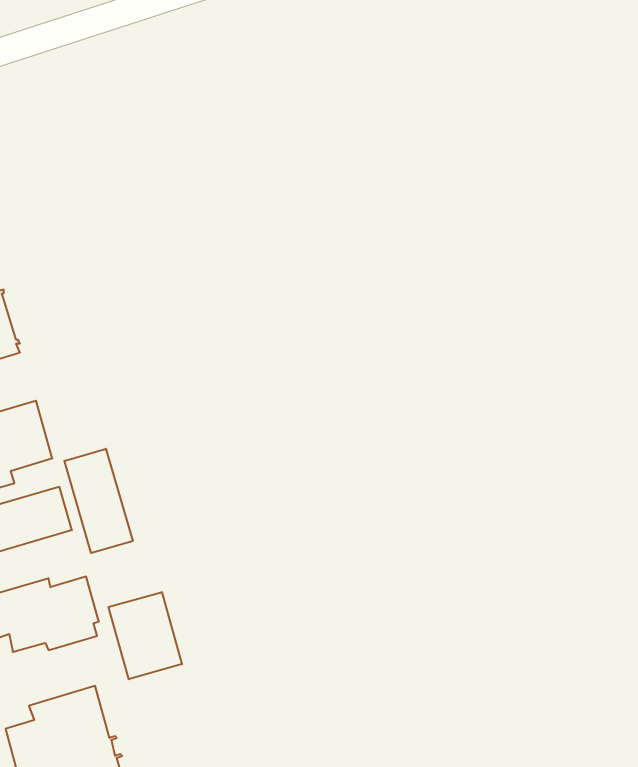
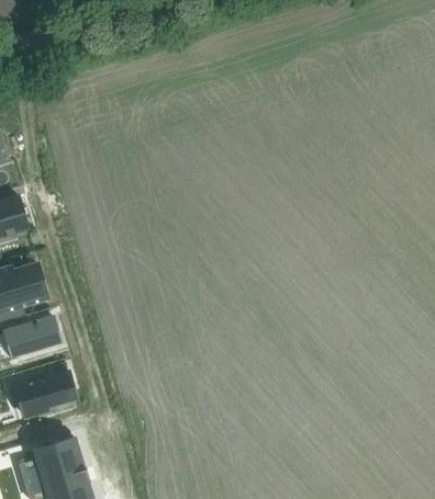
building: [64,449,133,553] -> none
building: [109,592,182,679] -> none

